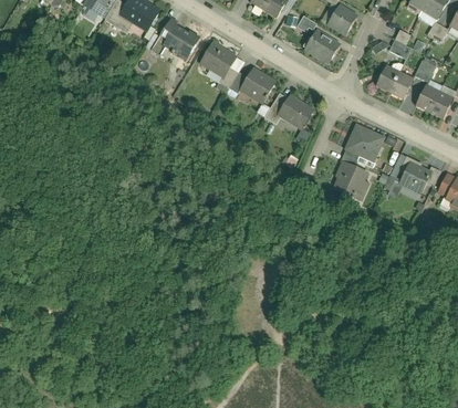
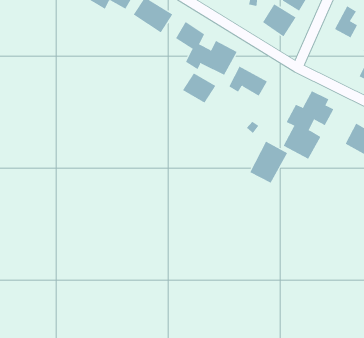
building: [372,63,414,100] -> none
building: none -> [182,73,216,104]
building: none -> [249,141,288,184]

